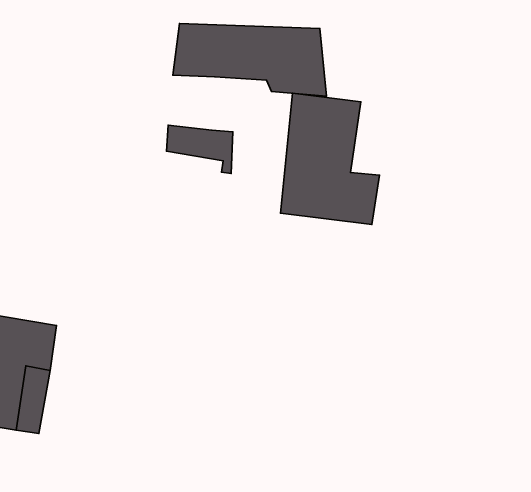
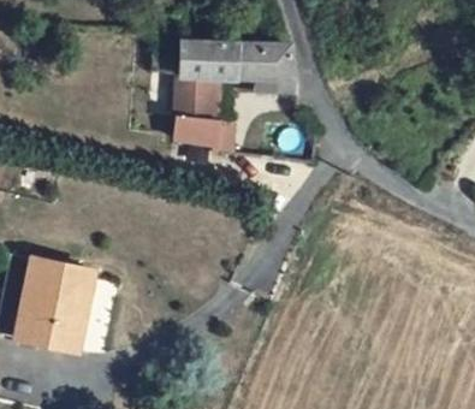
building: none -> [172,79,207,120]
building: [281,93,379,224] -> none

